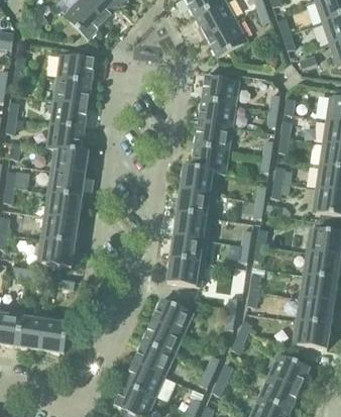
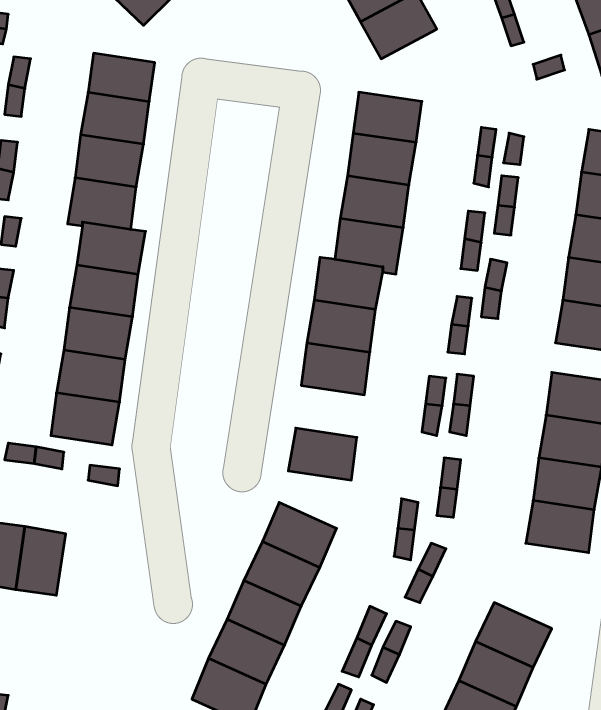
building: [170,234,208,263] -> none
building: [40,315,69,352] -> none
building: [293,320,330,348] -> none

